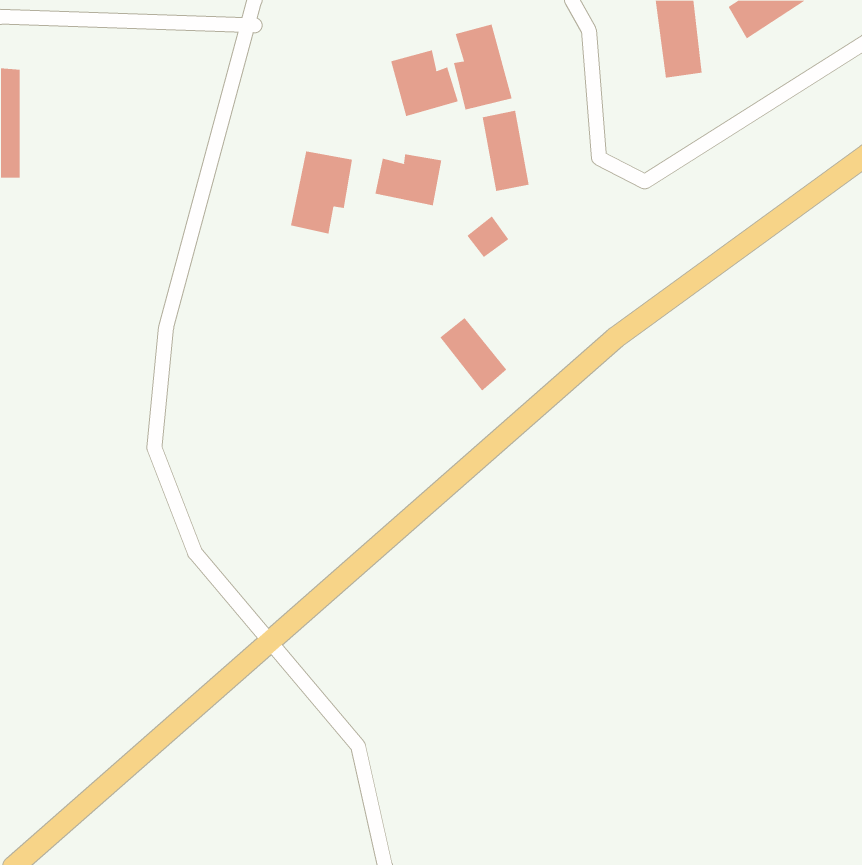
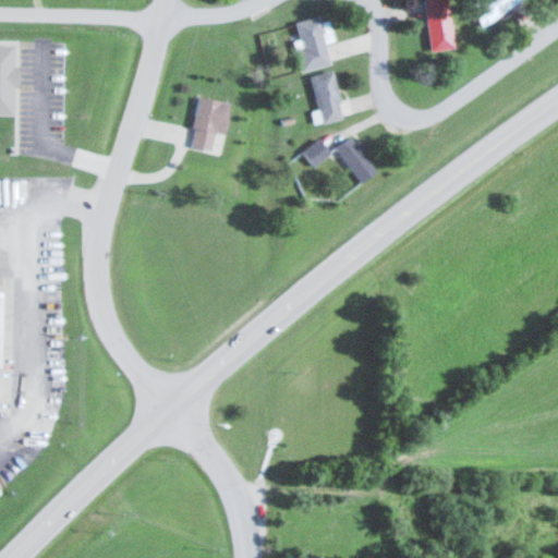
building: [390,49,458,117] -> none
building: [375,153,442,206] -> none
building: [439,317,507,392] -> [336,136,379,184]

